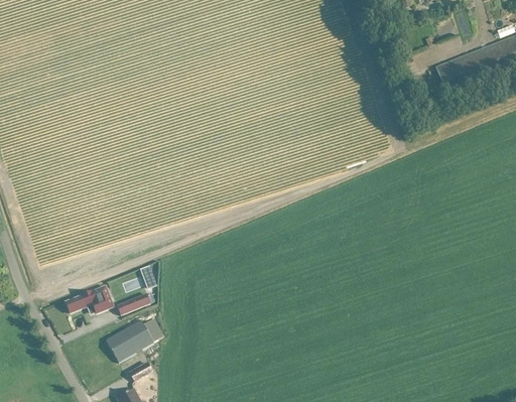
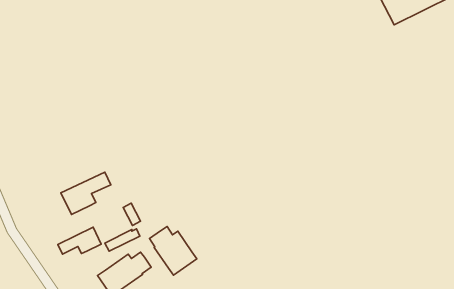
building: none -> [61,172,111,215]
building: none -> [149,227,197,275]

